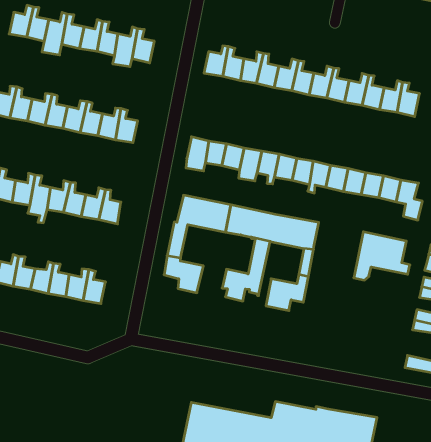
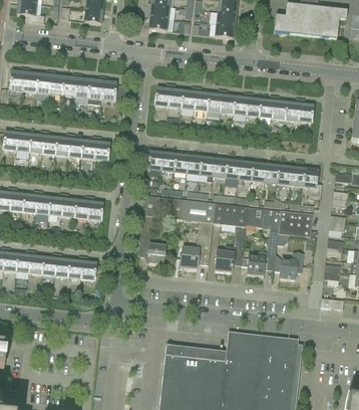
building: none -> [246,206,281,276]
building: none -> [280,252,303,279]

